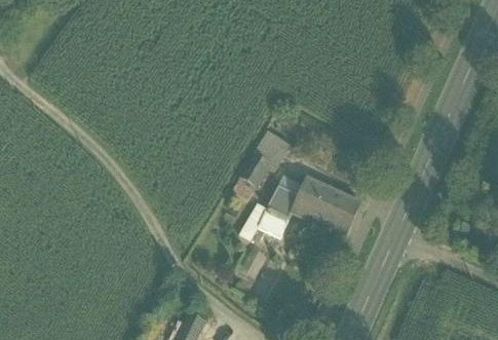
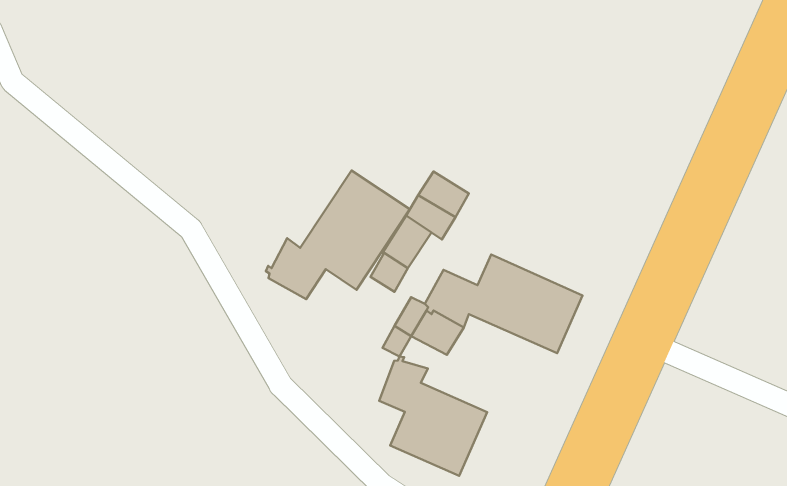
building: none -> [266,170,410,299]
building: none -> [379,356,487,476]

